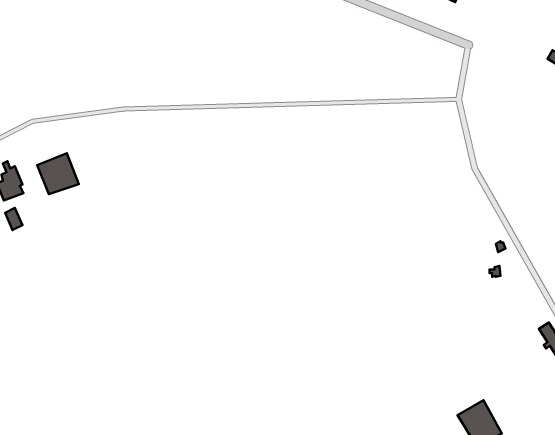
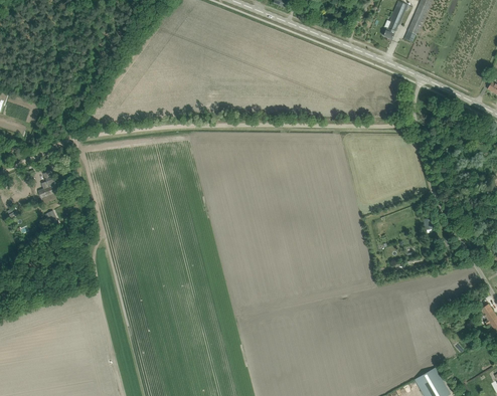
building: [37,153,79,194] -> none

